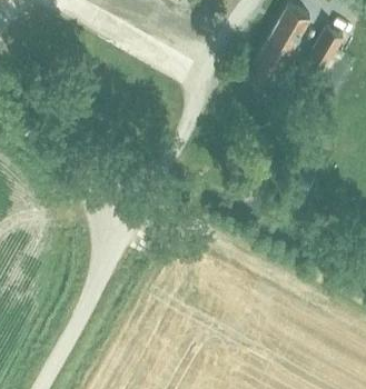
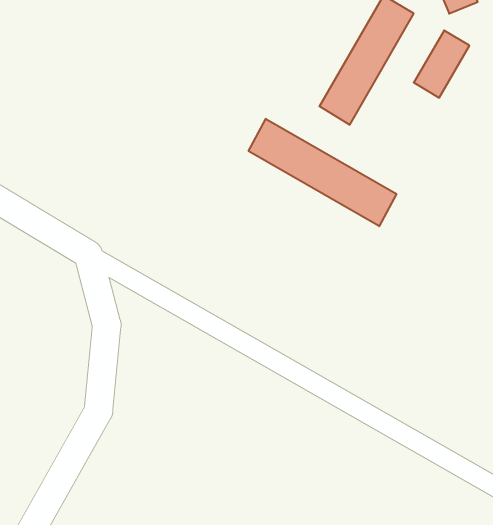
building: none -> [249,119,396,226]

